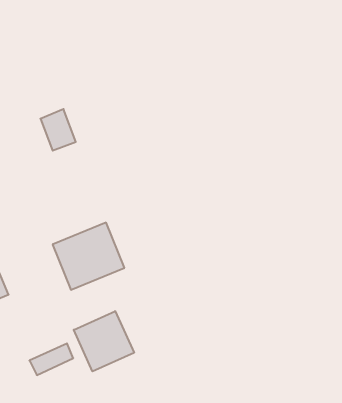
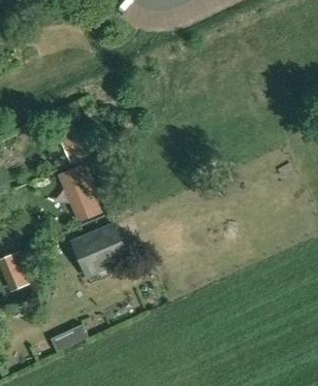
building: none -> [57,163,102,220]
building: [74,311,134,371] -> none

